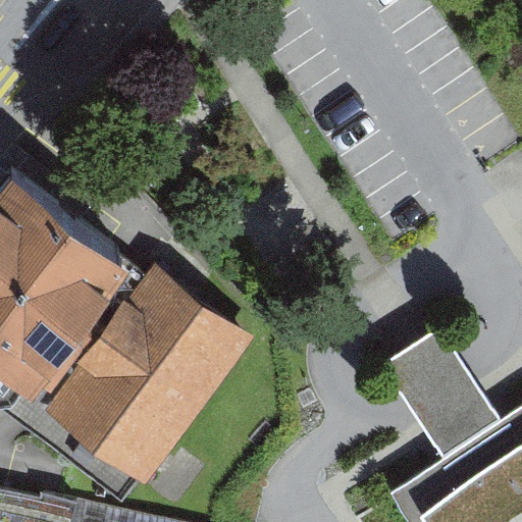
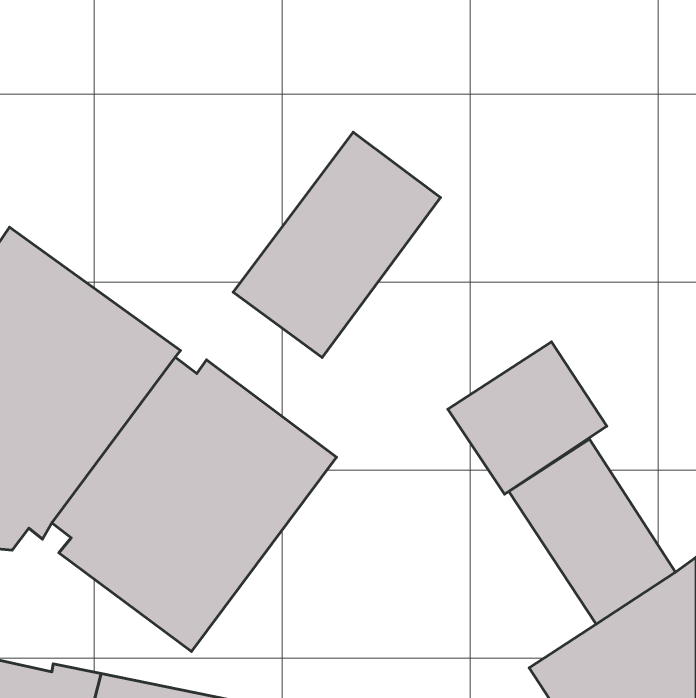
building: none -> [233,132,440,357]
building: none -> [448,342,607,494]

